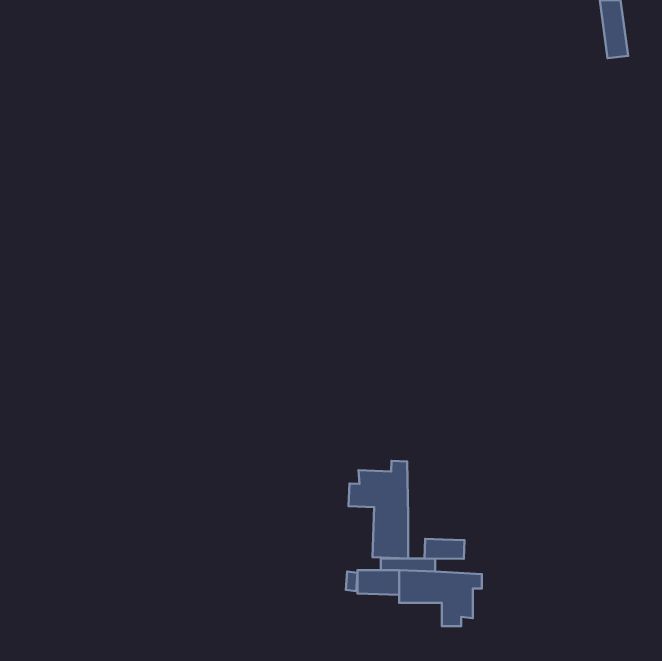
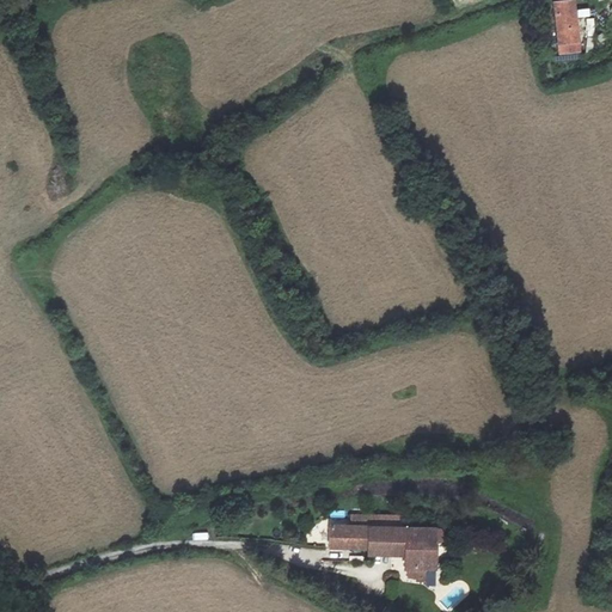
building: [349,461,408,559] -> none
building: [425,539,465,559] -> none

